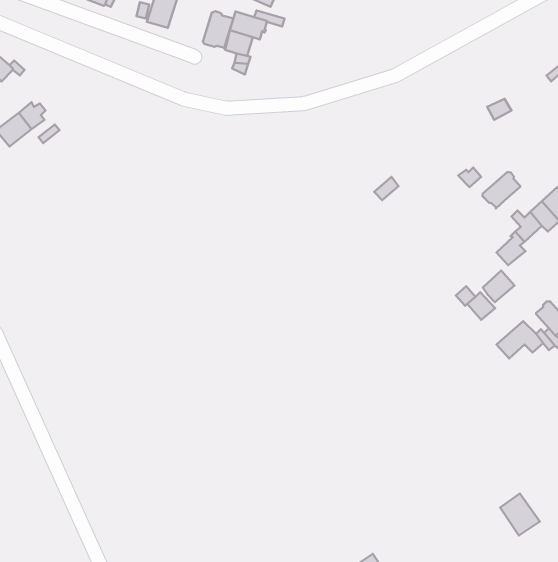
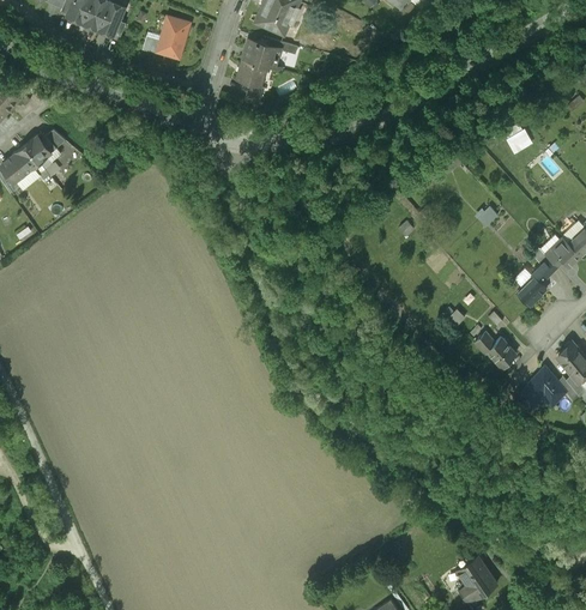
building: [203,11,233,48] -> none
building: [483,172,520,208] -> none
building: [483,271,515,302] -> none
building: [500,493,540,535] -> [455,556,496,599]

